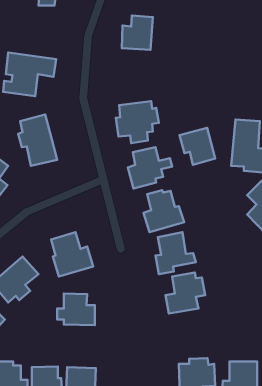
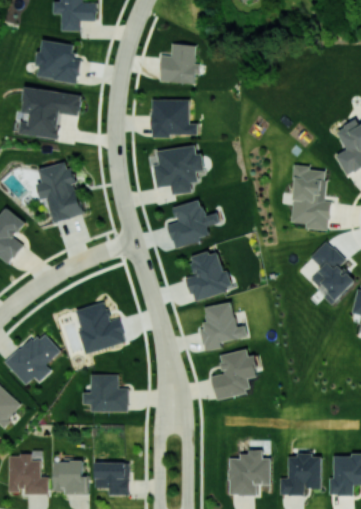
building: none -> [36,40,81,83]
building: none -> [151,100,197,136]
building: [179,128,215,165] -> none

